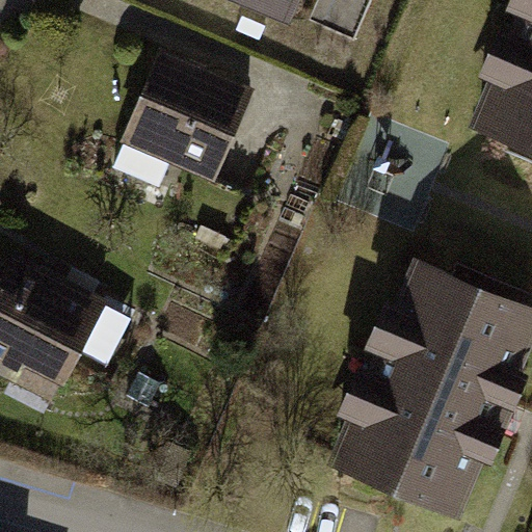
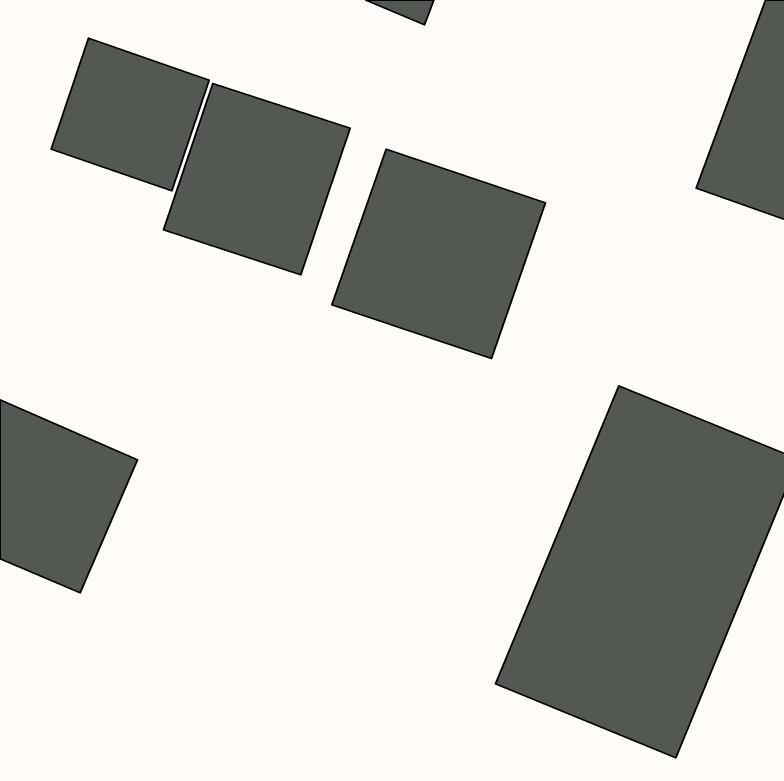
building: none -> [51,38,209,191]
building: none -> [332,149,546,358]

